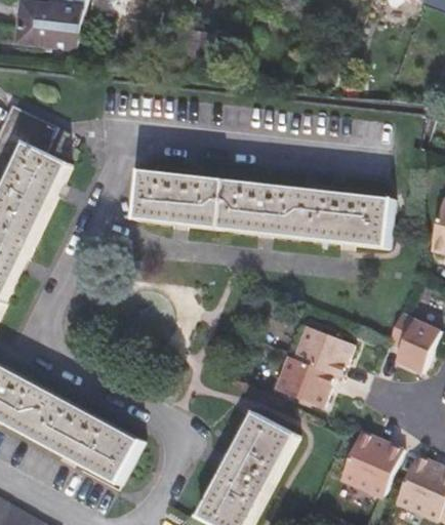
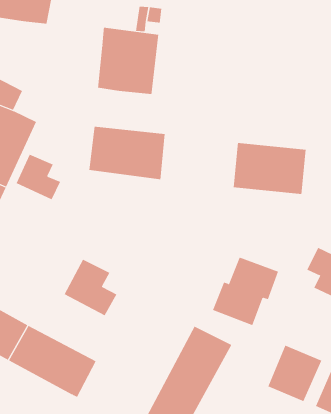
building: none -> [97,27,159,95]
building: [217,176,308,240] -> none
building: none -> [16,154,61,200]
building: none -> [64,259,117,316]

